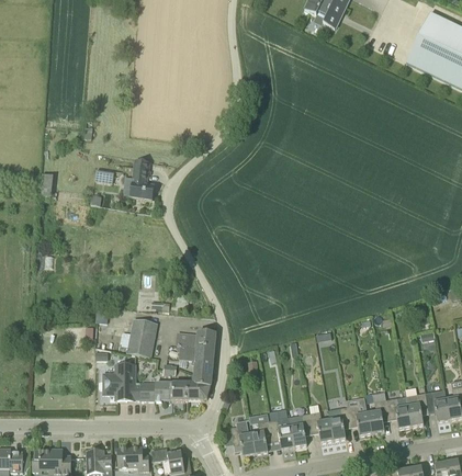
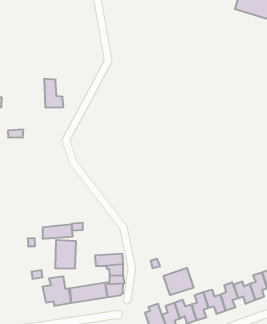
building: [129,159,154,199] -> [44,79,63,107]
building: [176,330,215,348] -> [43,225,73,239]
building: none -> [164,268,194,295]

